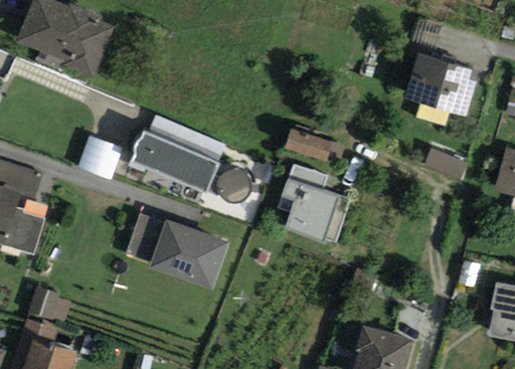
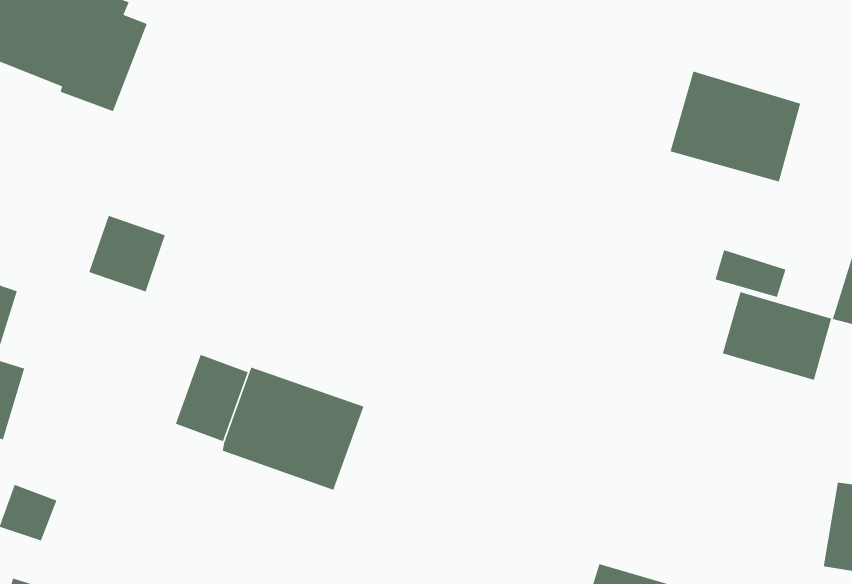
building: [134,114,251,198] -> none
building: [285,130,336,165] -> none
building: none -> [722,291,832,381]
building: [285,177,350,241] -> none

